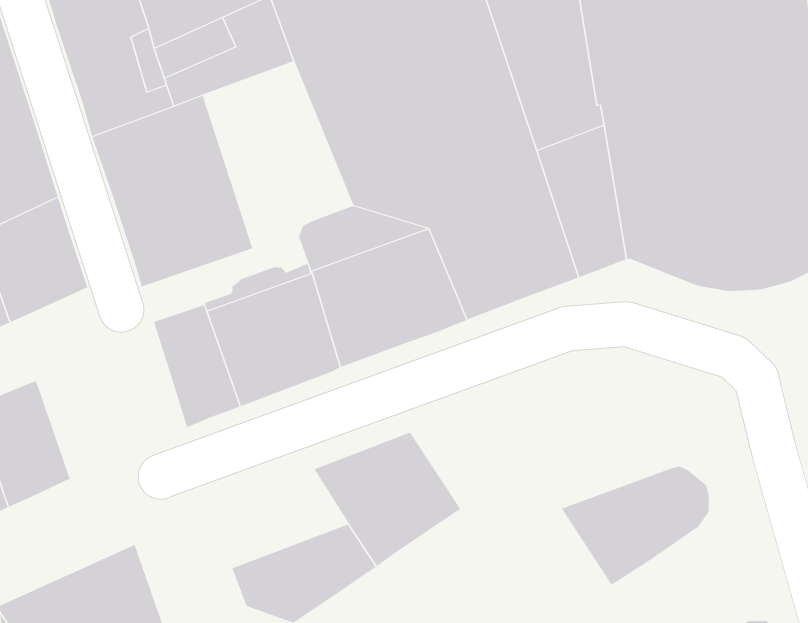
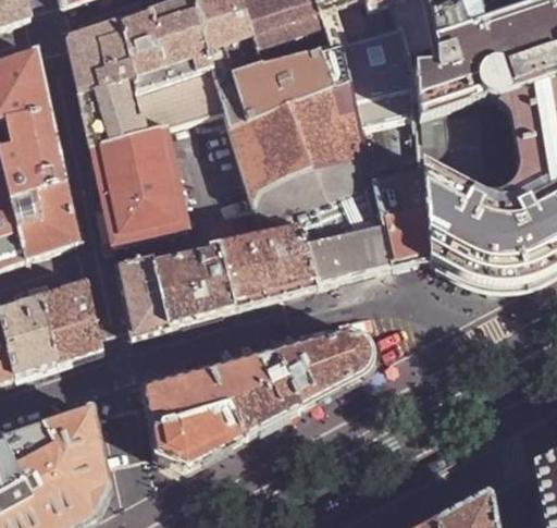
building: none -> [39,279,100,359]
building: [561,466,710,585] -> [274,332,370,404]
building: none -> [145,369,228,427]

